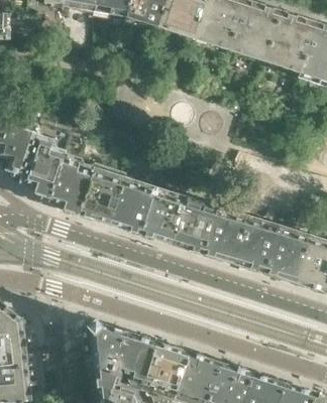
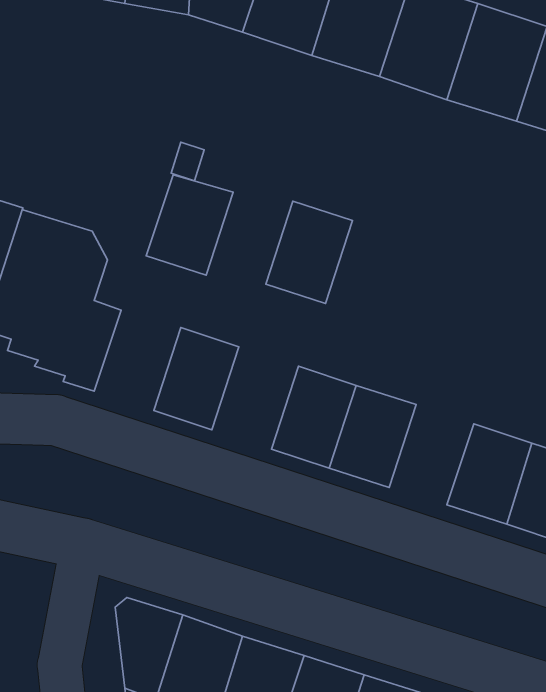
building: [78,172,123,225] -> [146,175,233,275]
building: [139,191,185,245] -> [266,201,353,304]
building: [232,222,277,274] -> none

